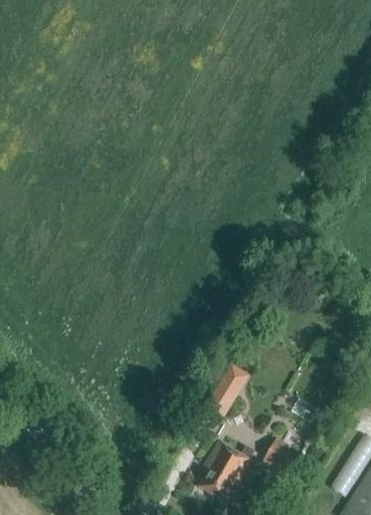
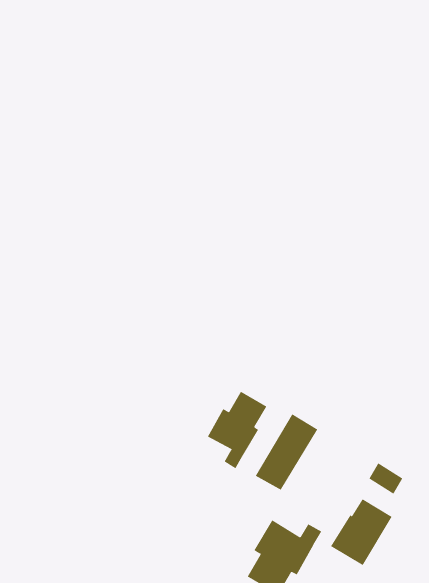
building: none -> [207,391,267,469]

